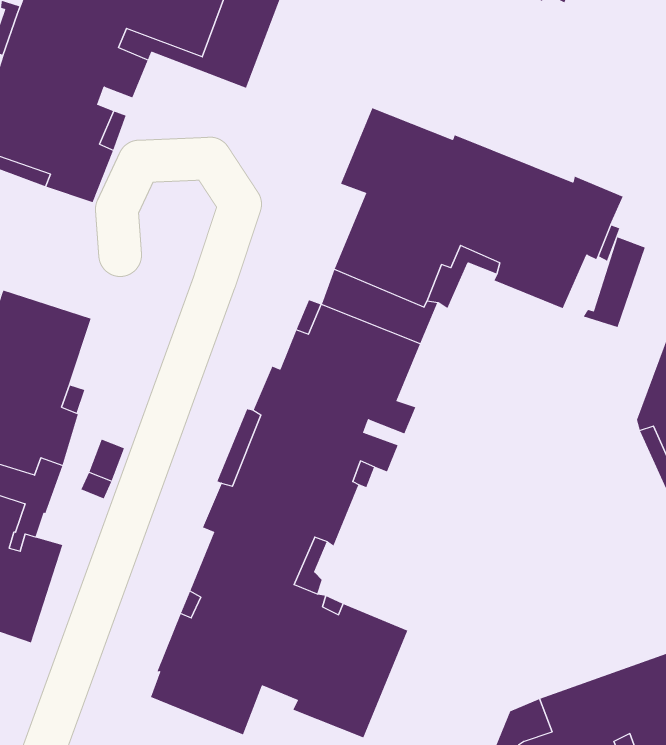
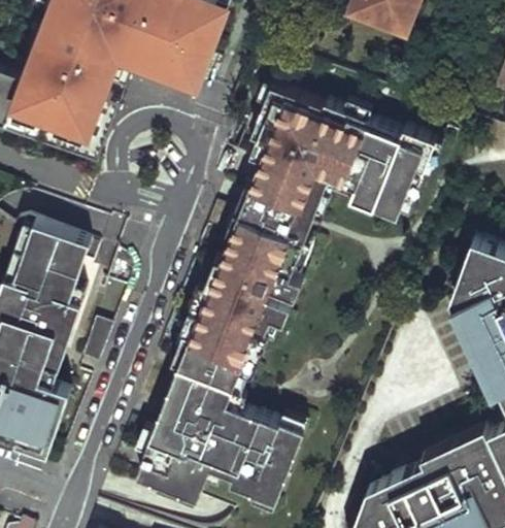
building: [583,237,646,328] -> none

